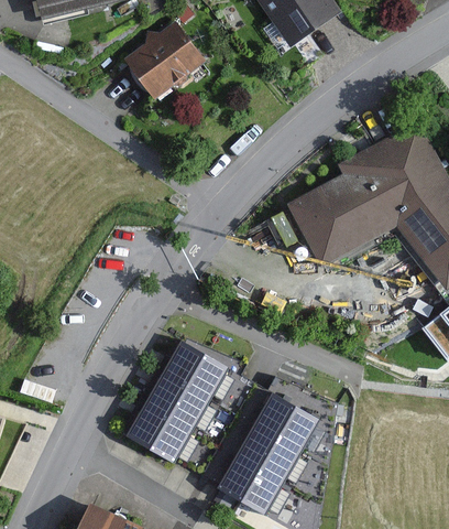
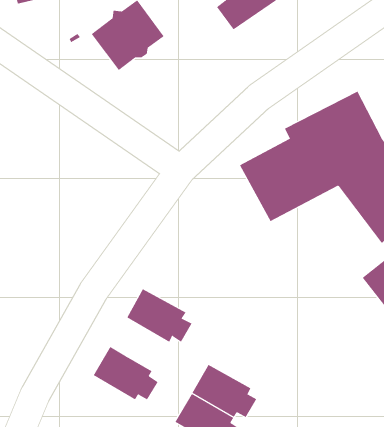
building: [144,373,217,432] -> none
building: [253,391,326,452] -> none

